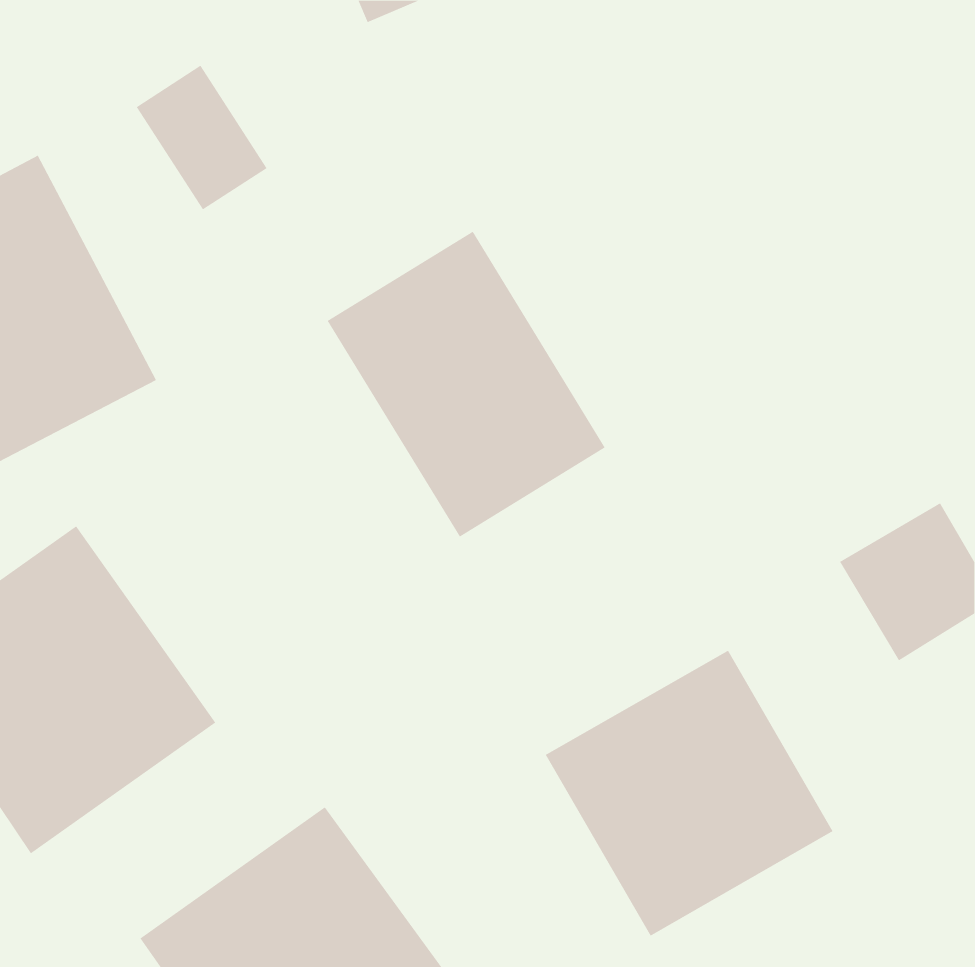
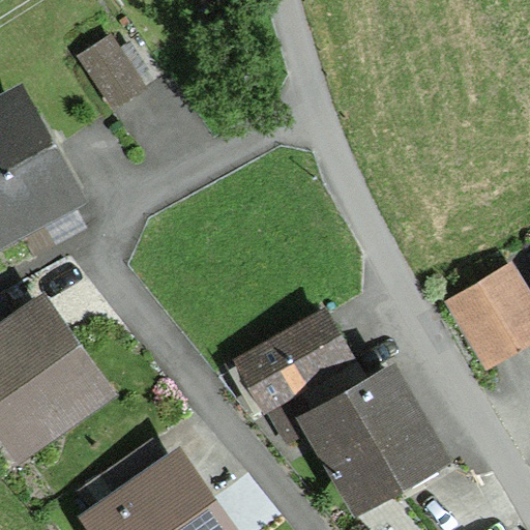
building: [327,231,606,538] -> none
building: none -> [225,306,354,415]

